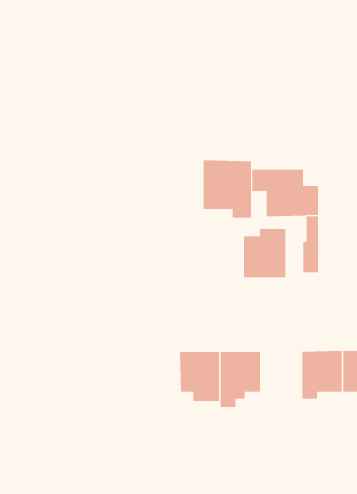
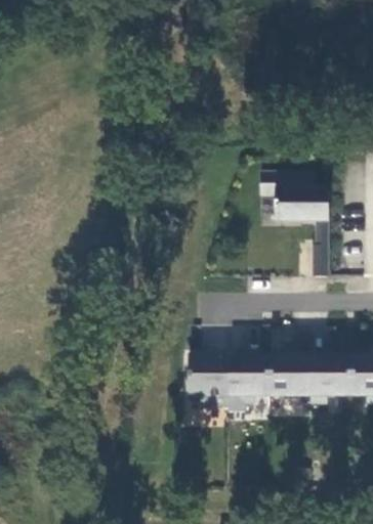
building: [203,160,252,219] -> none
building: [244,228,286,278] -> none
building: none -> [271,358,312,399]

